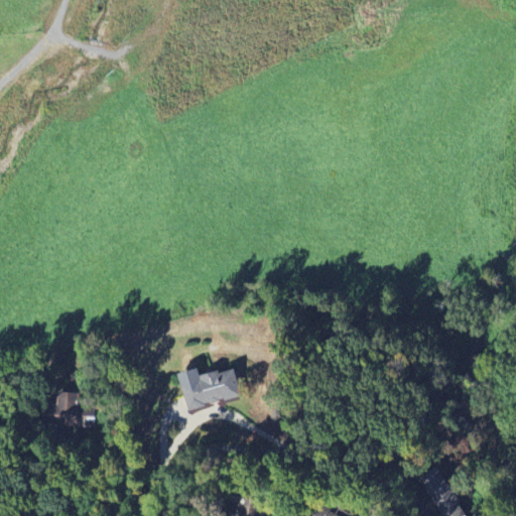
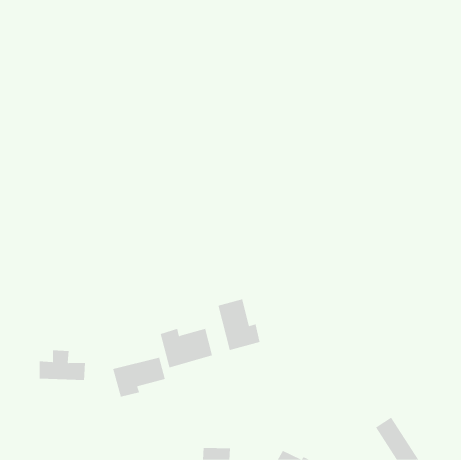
building: none -> [218,299,260,351]
building: none -> [113,357,166,398]

